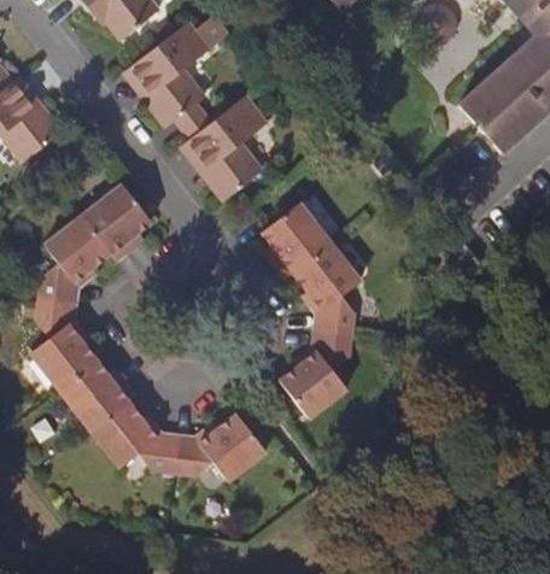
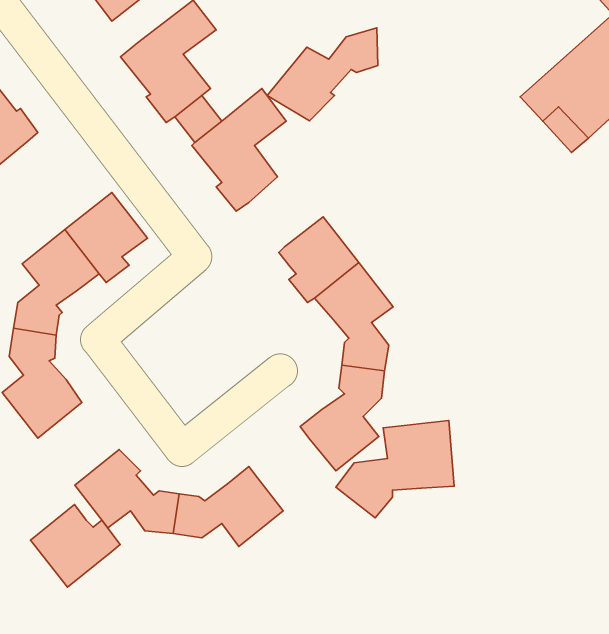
building: none -> [267,28,378,121]
building: [58,361,134,430] -> [30,504,120,587]
building: none -> [336,420,454,518]

